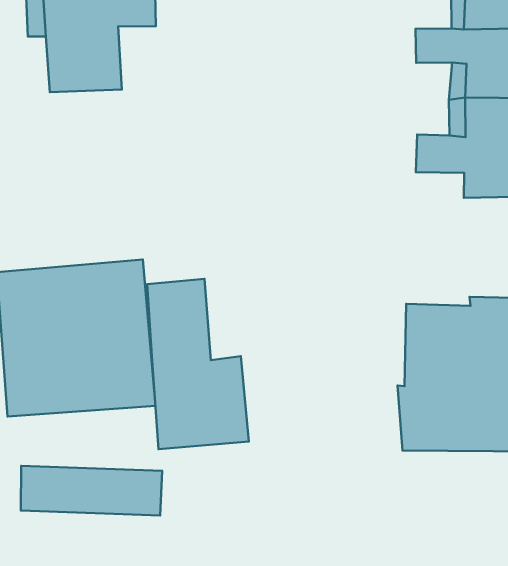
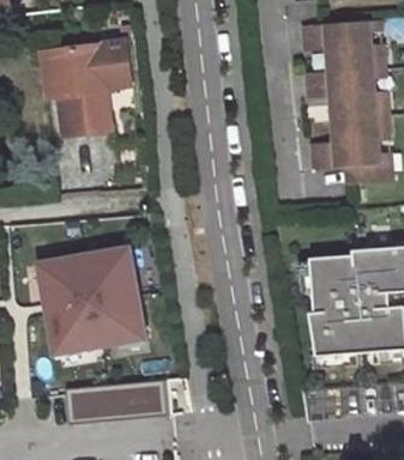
building: [147,279,249,449] -> none

